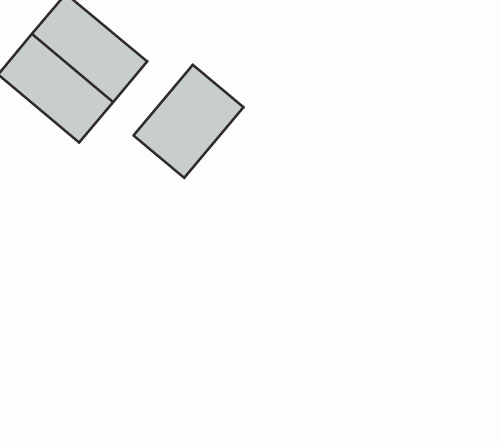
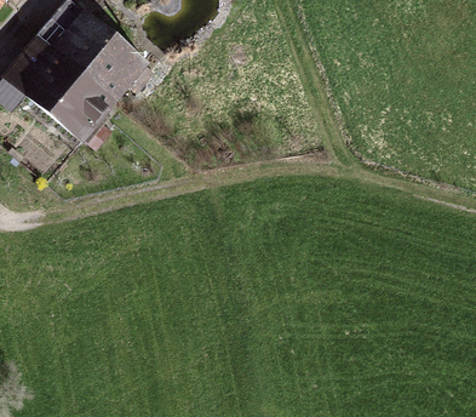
building: [134,65,244,178] -> none

